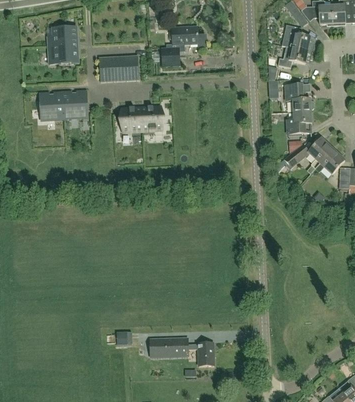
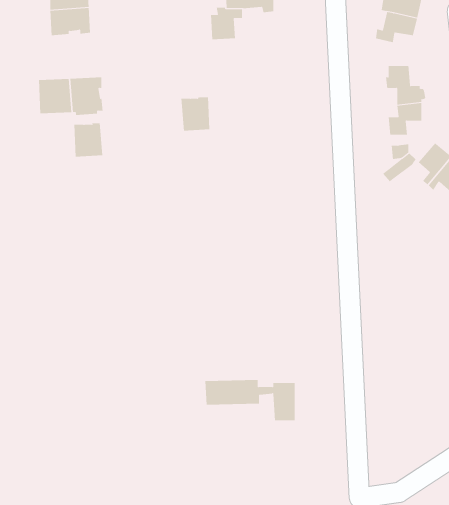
building: [99,55,139,81] -> none
building: [122,106,143,131] -> [73,121,103,157]
building: [150,338,214,367] -> [204,380,295,421]

